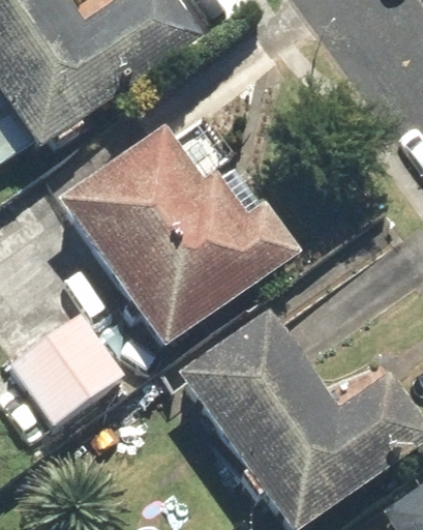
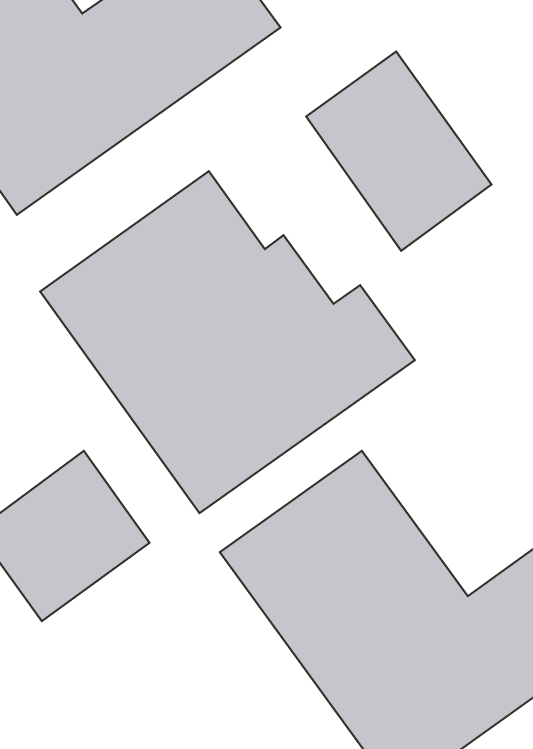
building: none -> [306,52,492,251]

